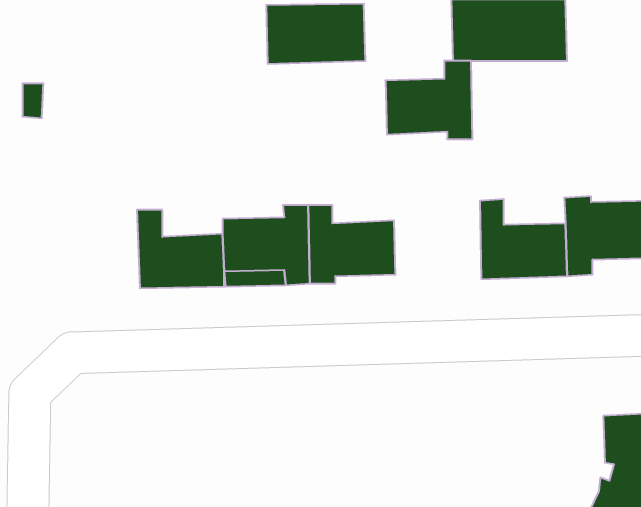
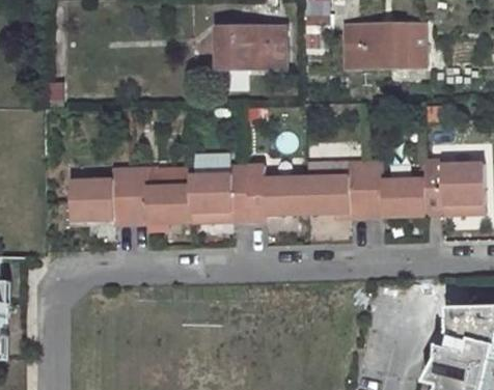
building: [385,61,473,139] -> [304,163,364,217]
building: none -> [67,169,129,224]

